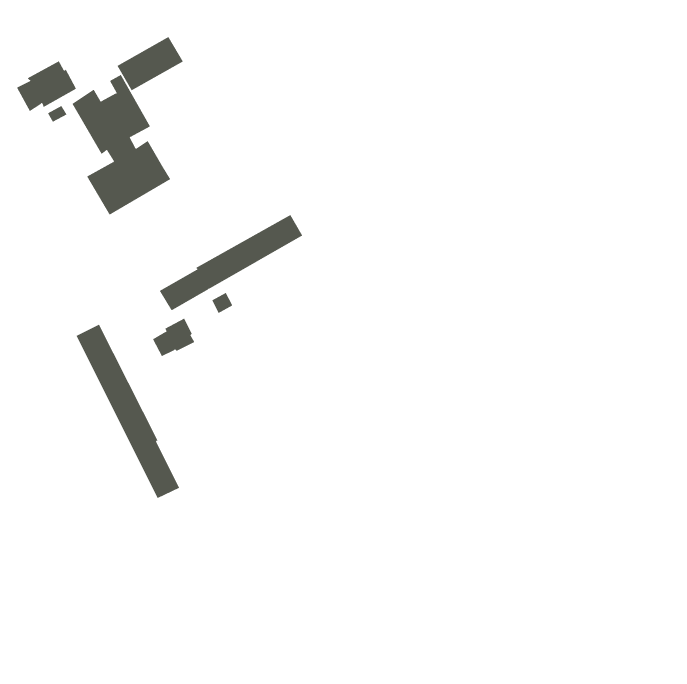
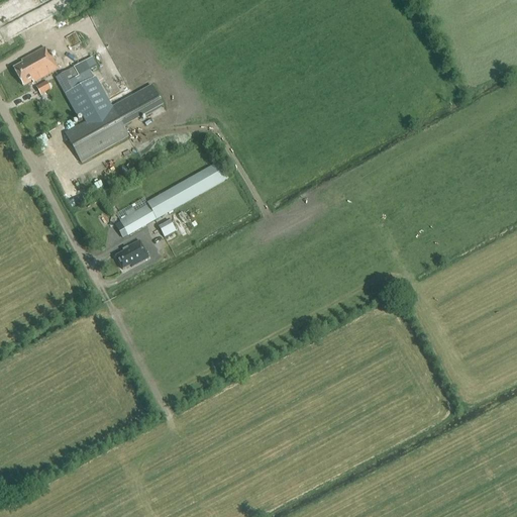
building: [116,36,184,91] -> [111,83,162,124]
building: [76,324,180,499] -> none

